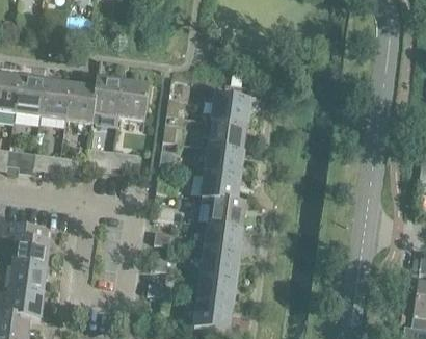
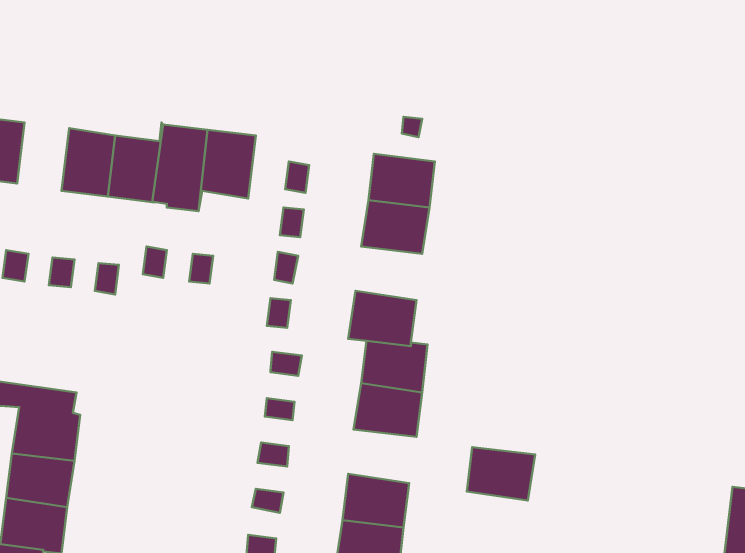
building: [15,71,45,113] -> none
building: [205,145,242,175] -> none
building: [201,247,239,278] -> [467,447,535,501]

